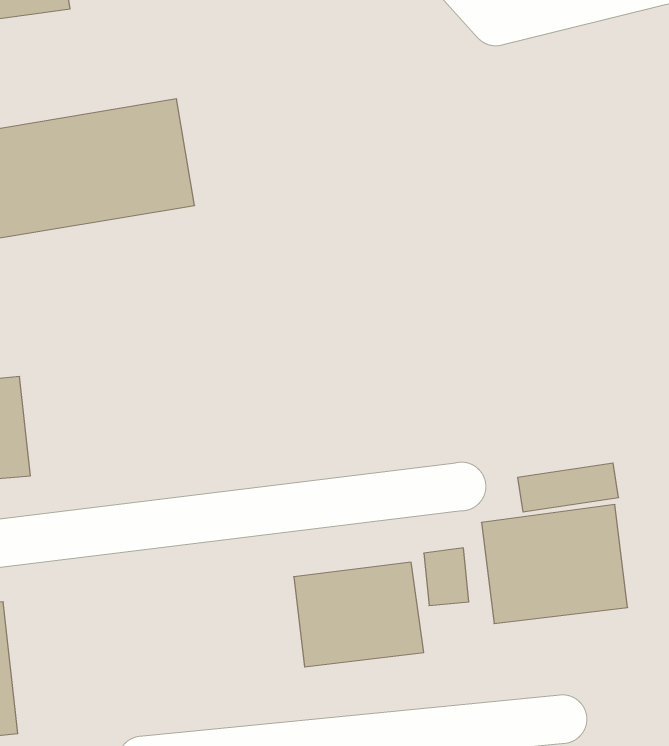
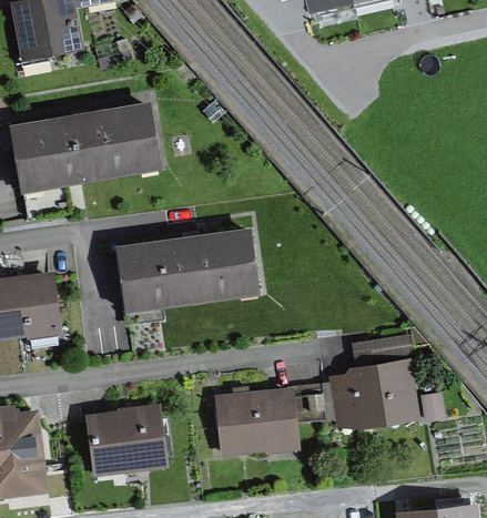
building: none -> [113,234,254,309]
building: none -> [82,406,169,478]

